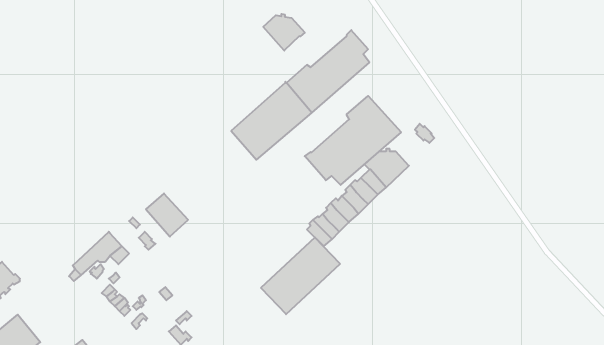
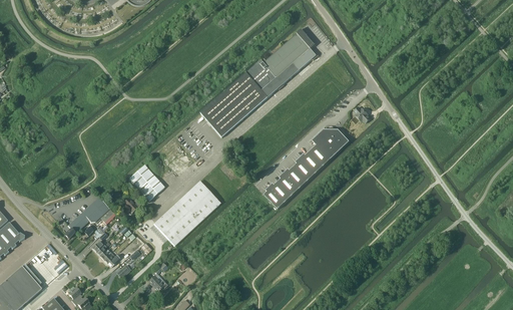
building: [263,14,305,51] -> none
building: [305,96,401,185] -> none
building: [261,237,340,314] -> [153,182,219,246]

